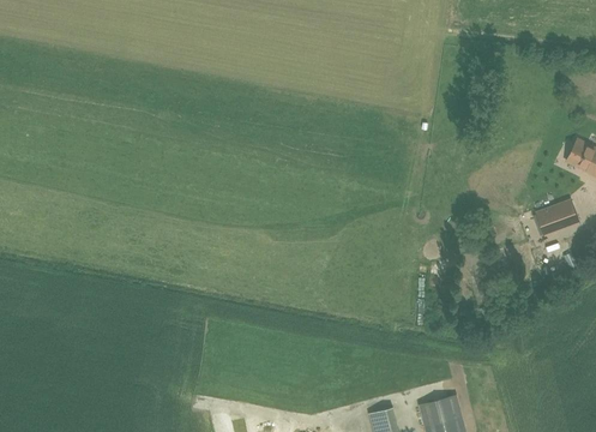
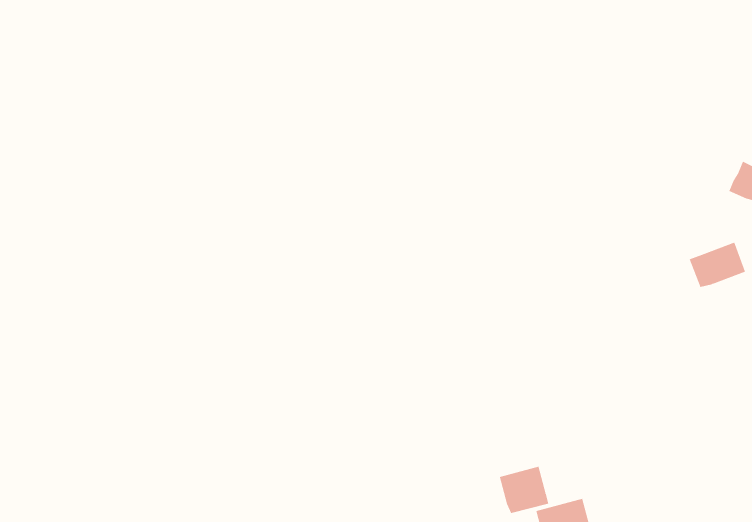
building: none -> [499,466,549,514]

